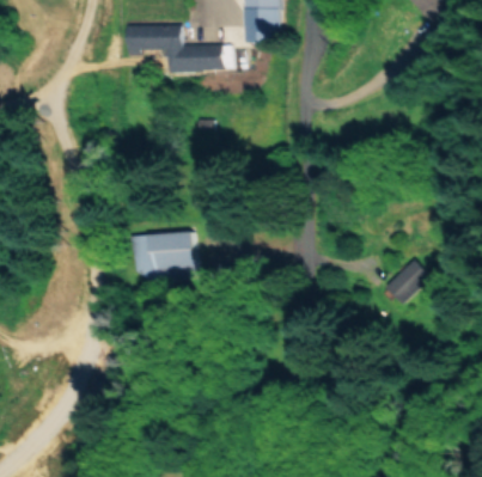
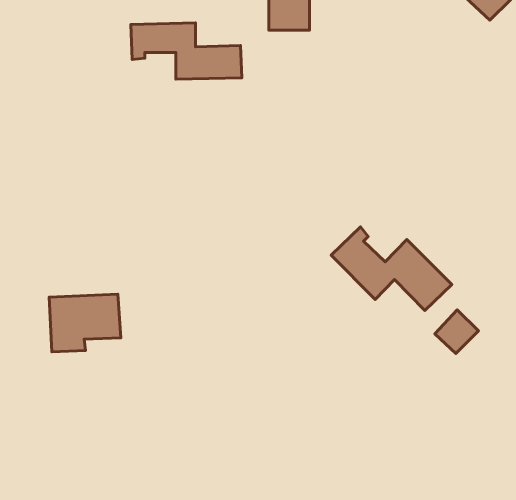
building: none -> [331,227,452,310]
building: [134,232,195,281] -> [49,294,121,352]

